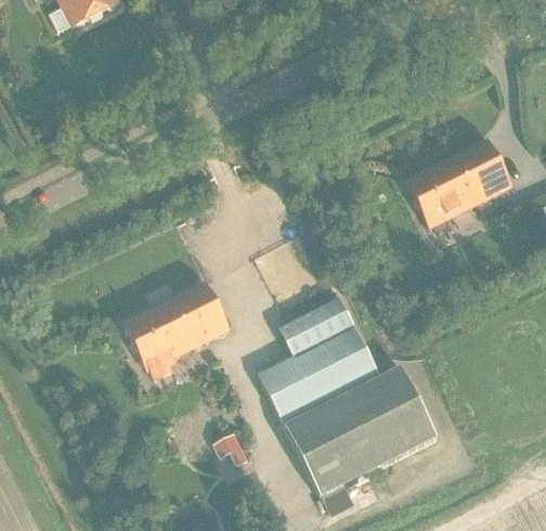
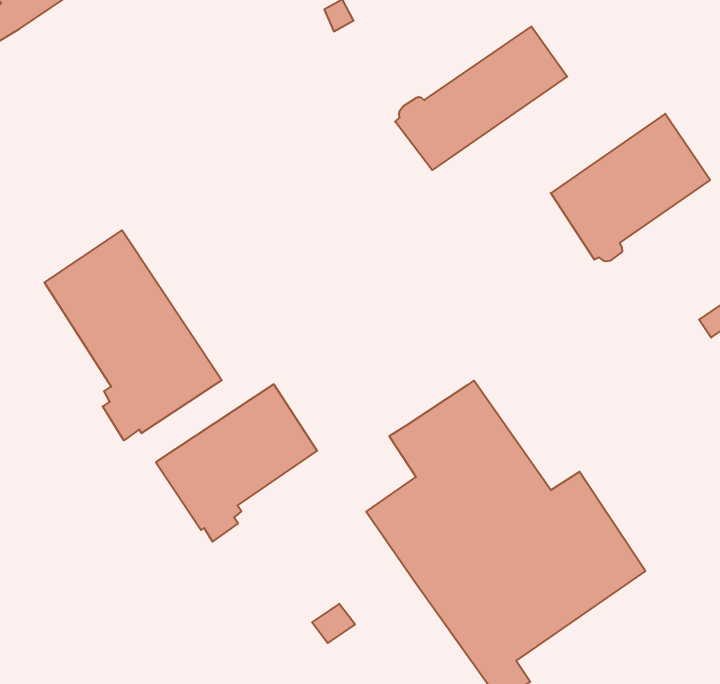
building: none -> [395,26,567,170]
building: none -> [45,230,222,440]

